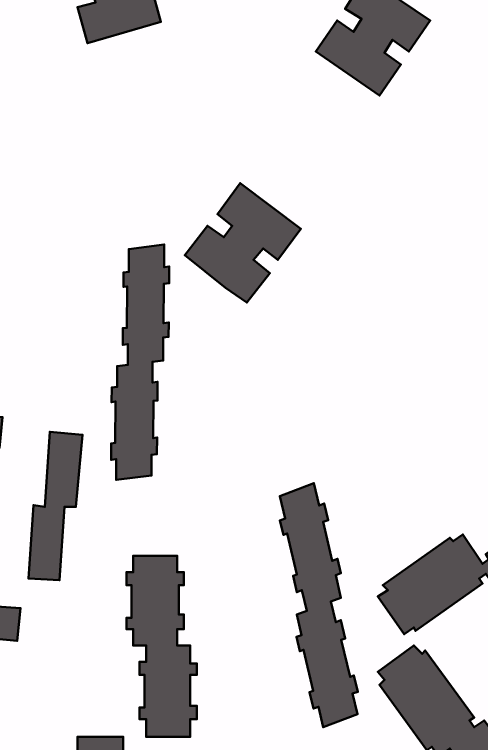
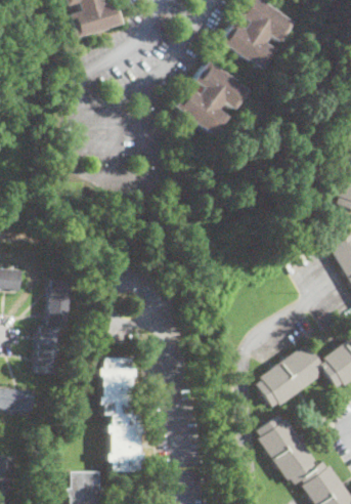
building: [185,183,301,302] -> [173,61,246,136]
building: [111,245,169,480] -> none
building: [280,483,358,727] -> none

